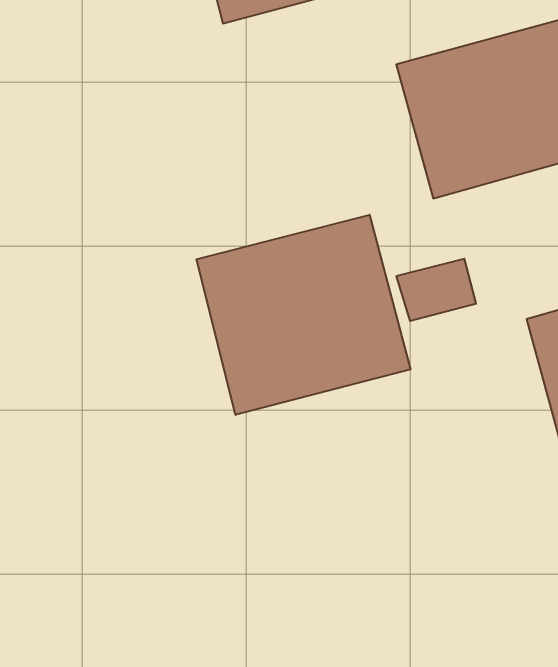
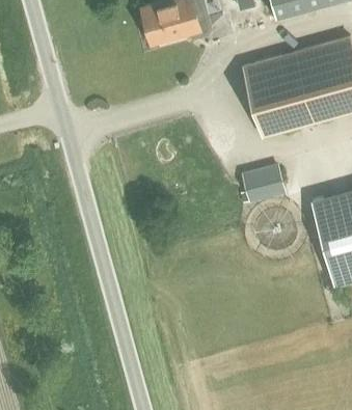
building: [197,215,411,415] -> none

